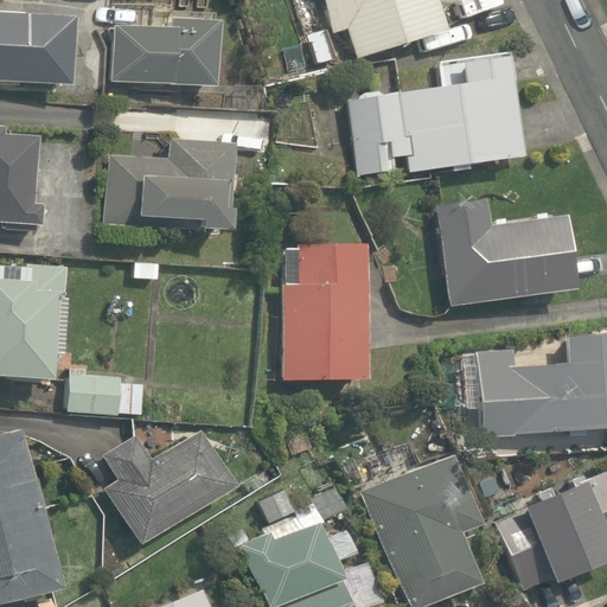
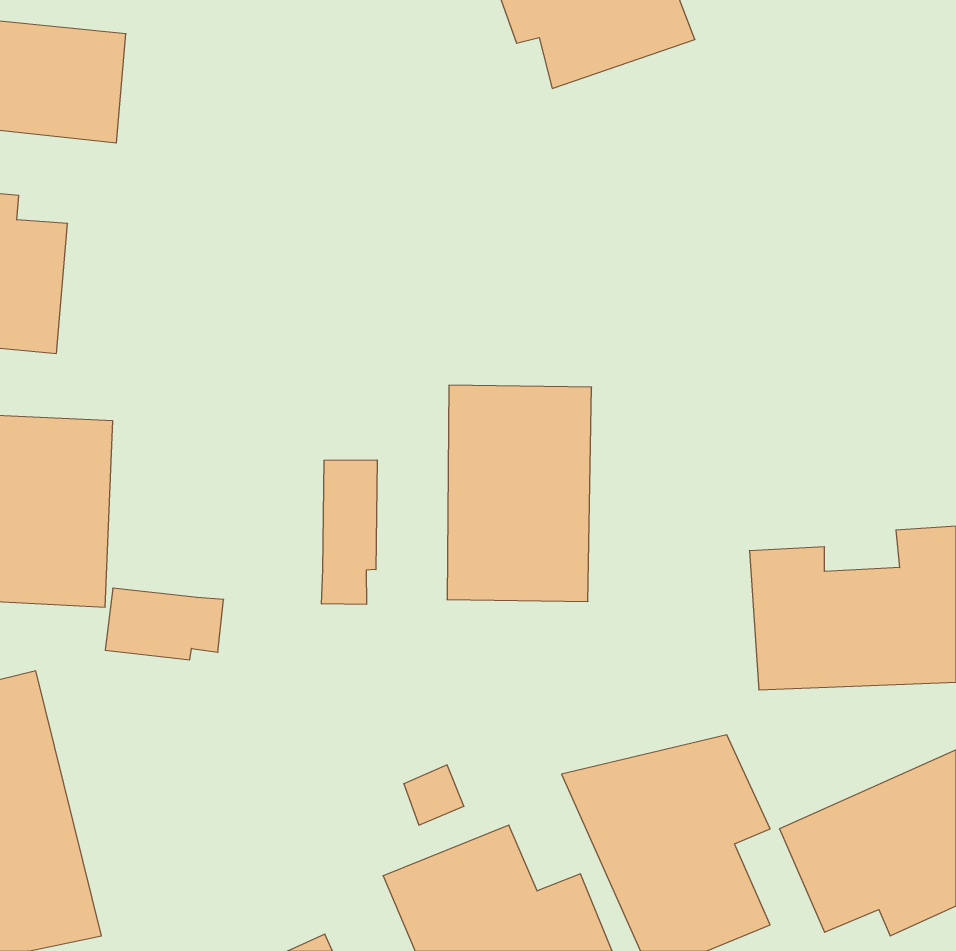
building: [113,21,223,85] -> none
building: [336,53,523,168] -> none
building: [102,140,237,229] -> none
building: [435,202,582,306] -> none
building: none -> [322,460,377,604]
building: [104,428,239,548] -> none

